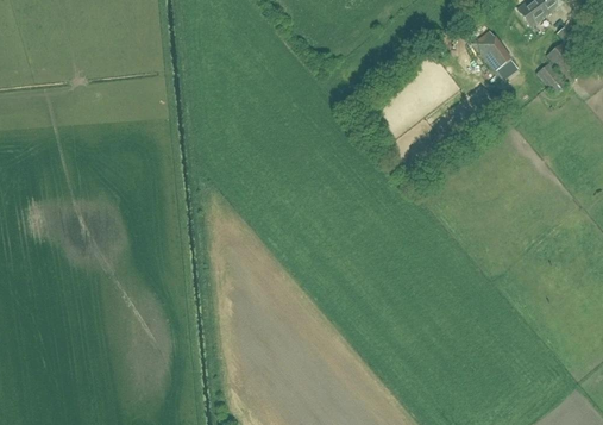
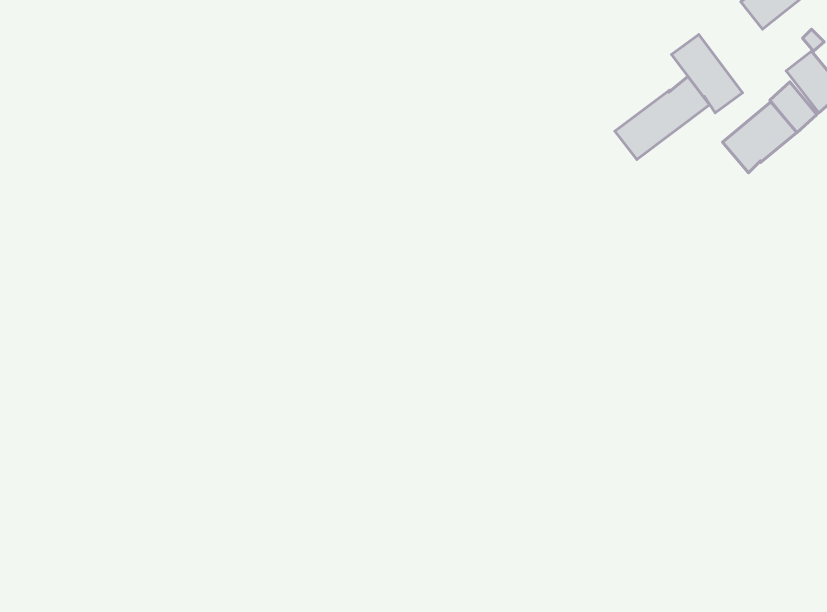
building: none -> [615,77,710,160]
building: none -> [723,102,797,173]

